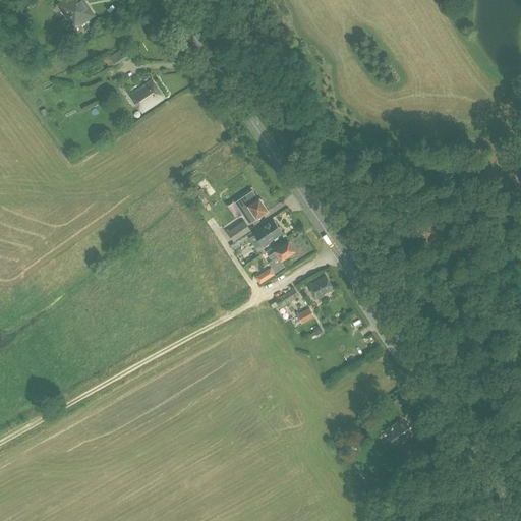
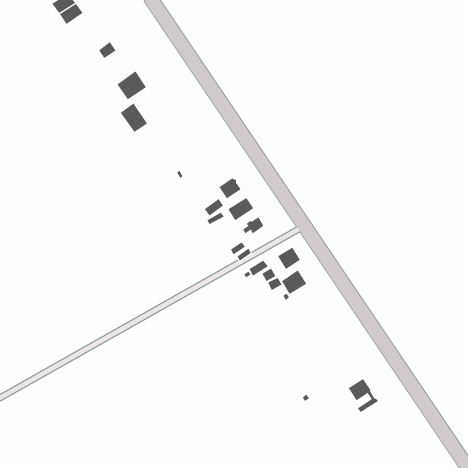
building: none -> [120,102,148,133]
building: none -> [281,270,307,295]

